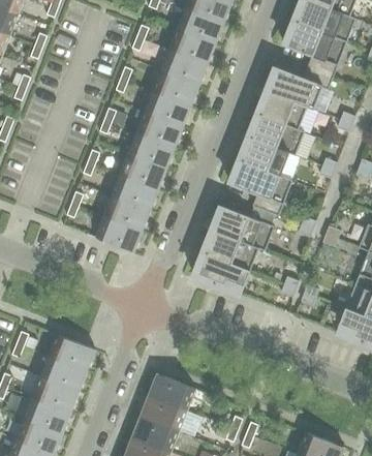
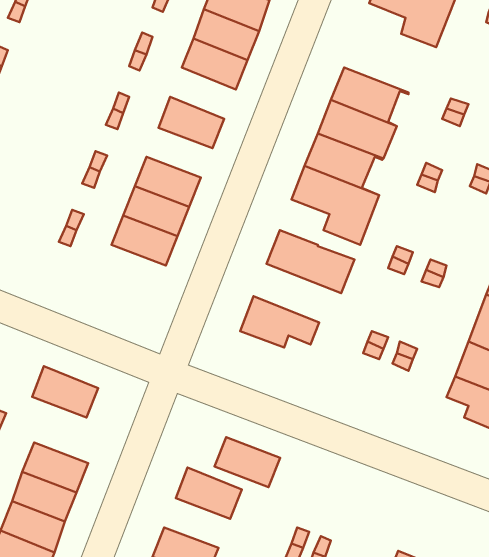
building: [267,67,332,109] -> none
building: [144,91,190,127] -> none
building: [127,133,174,169] -> none
building: [94,216,141,252] -> none
building: [203,230,265,271] -> none
building: [48,334,94,370] -> [32,366,98,417]
building: [140,395,186,430] -> [214,437,280,487]

